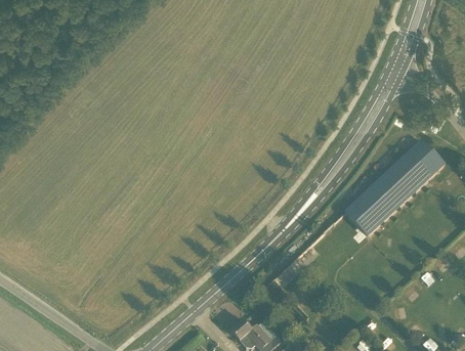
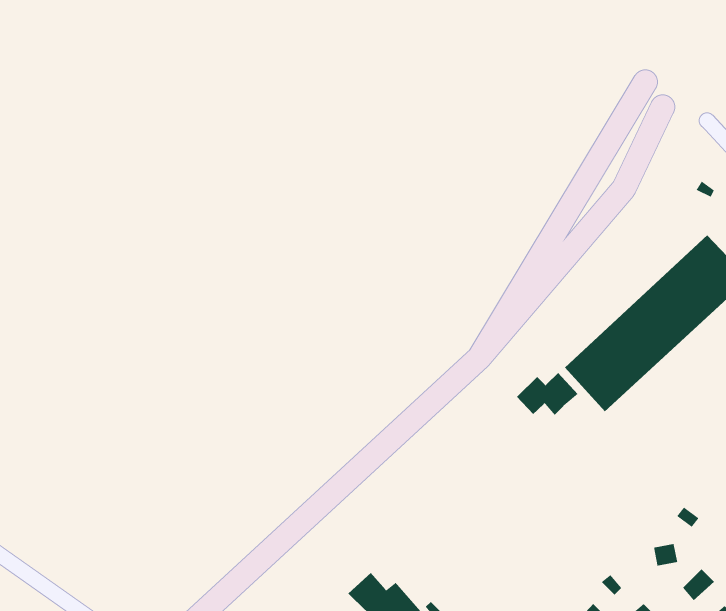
building: none -> [516,372,579,416]

